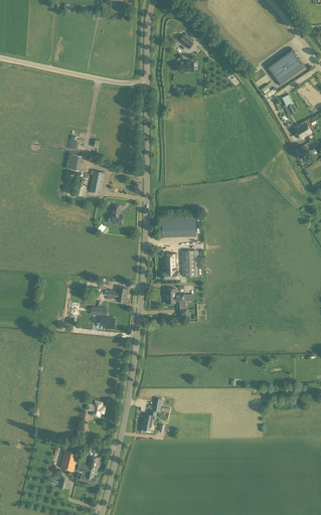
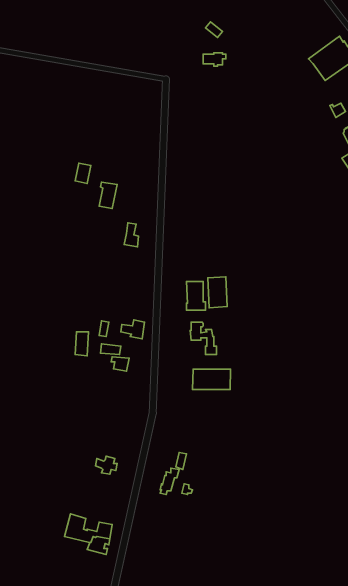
building: [161,217,195,236] -> none
building: none -> [192,369,231,389]

